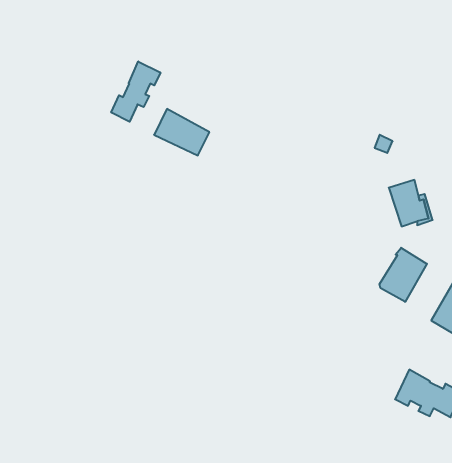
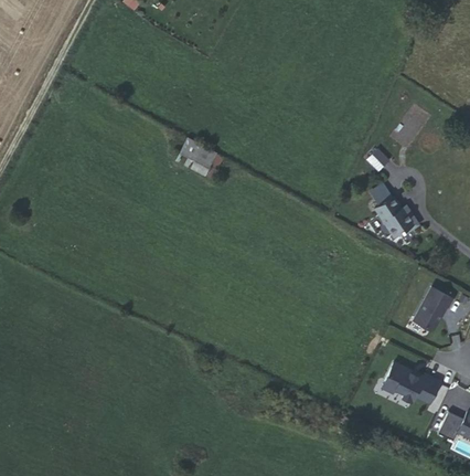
building: [111,61,160,122] -> none
building: [379,248,427,302] -> none

